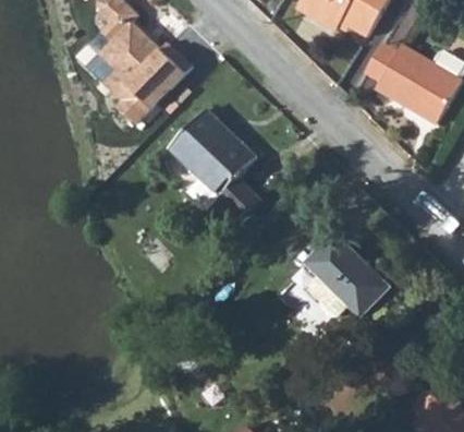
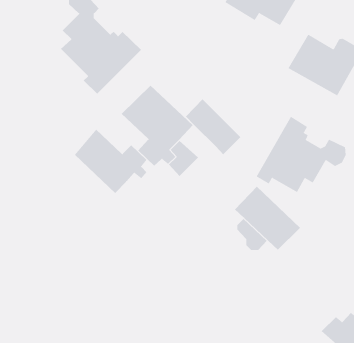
building: none -> [185,98,241,155]
building: none -> [256,116,346,193]
building: none -> [74,129,147,194]

